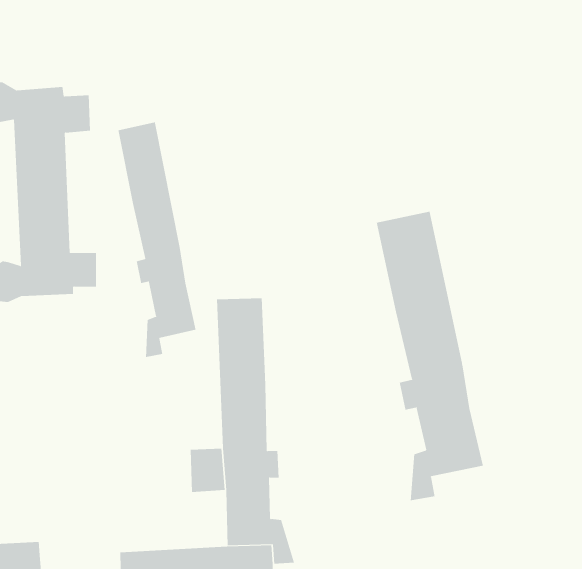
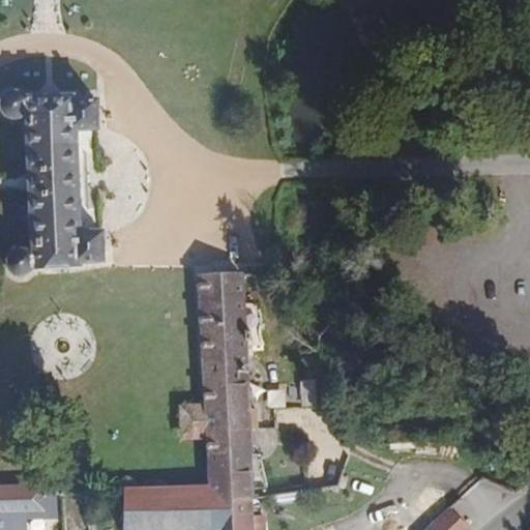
building: [118,122,196,358] -> none
building: [376,211,484,501] -> none

